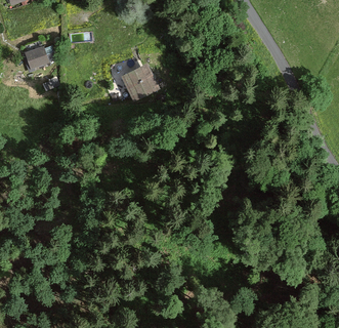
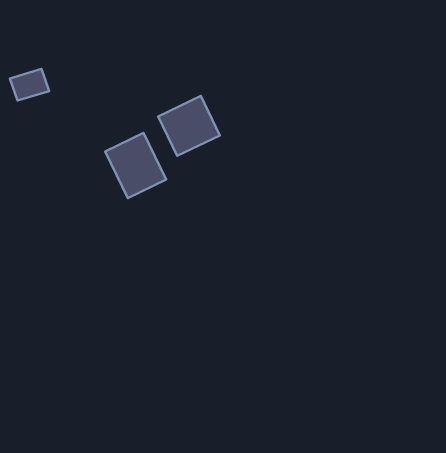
building: none -> [105,133,166,198]

